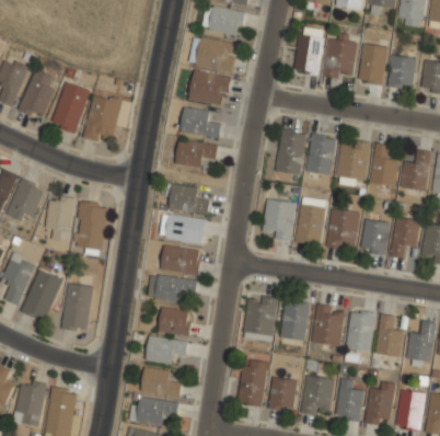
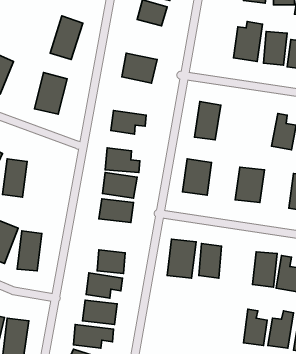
building: [293,28,325,74] -> none
building: [195,36,238,73] -> none
building: [50,81,90,134] -> [50,16,83,60]
building: [181,107,221,137] -> none
building: [305,134,336,175] -> none
building: [336,139,370,185] -> none
building: [294,202,325,245] -> none
building: [76,203,107,251] -> none
building: [359,217,391,256] -> none
building: [148,274,198,302] -> none
building: [312,305,345,346] -> none
building: [236,358,268,408] -> none
building: [301,375,334,416] -> none
building: [268,376,297,411] -> none

